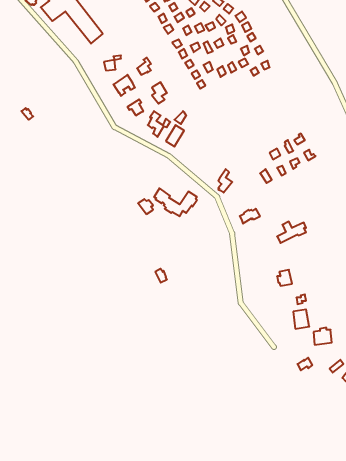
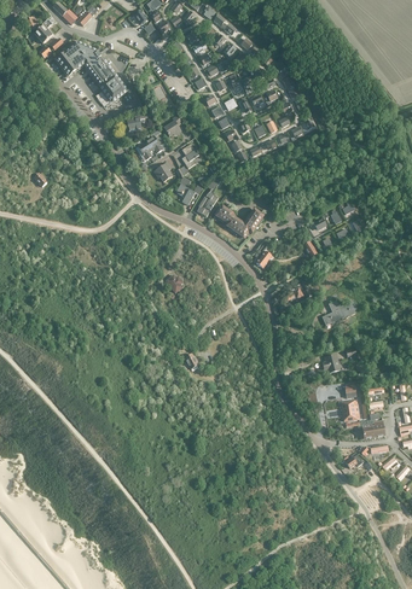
building: [154,188,197,216] -> [215,205,263,237]

